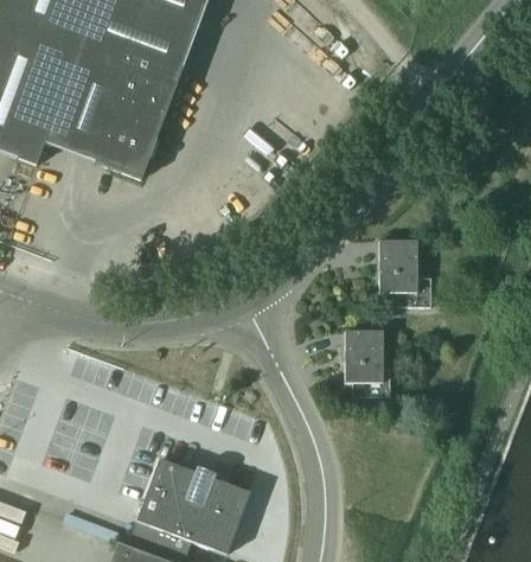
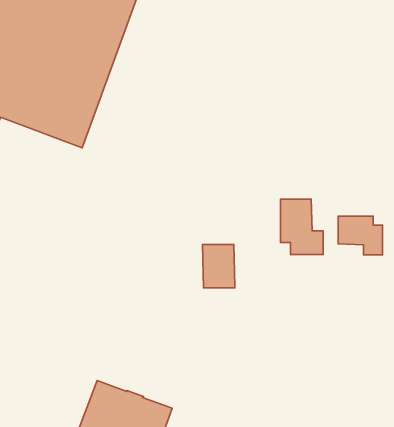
building: none -> [338,216,383,255]
building: [344,330,383,382] -> [202,245,235,288]

